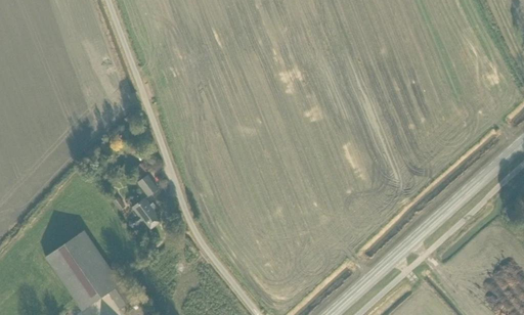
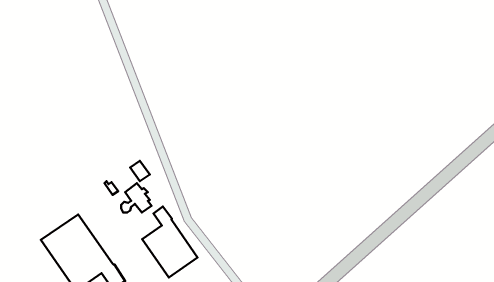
building: none -> [142,207,197,278]

